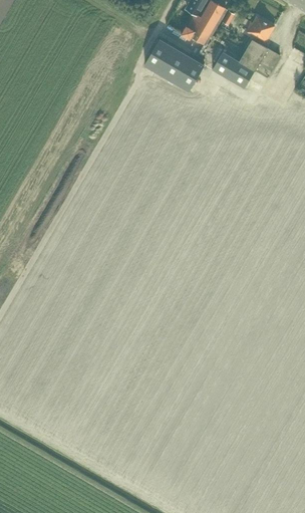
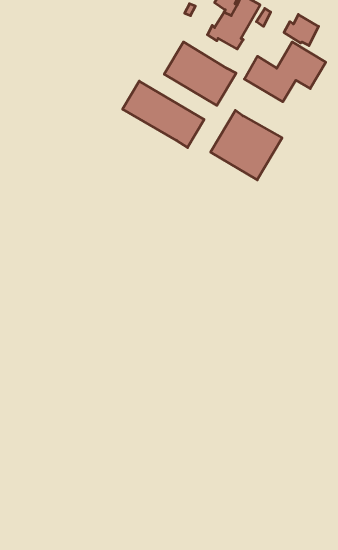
building: none -> [123,81,204,148]
building: none -> [211,110,282,180]

